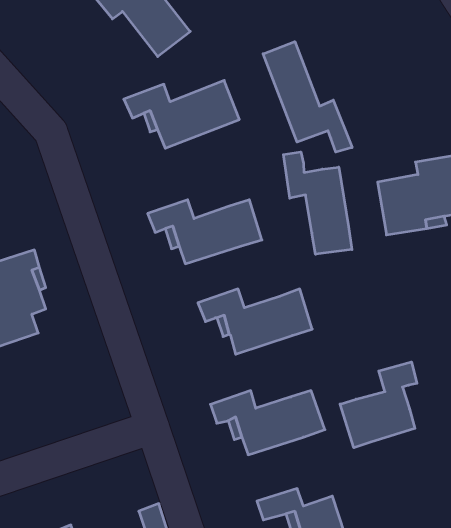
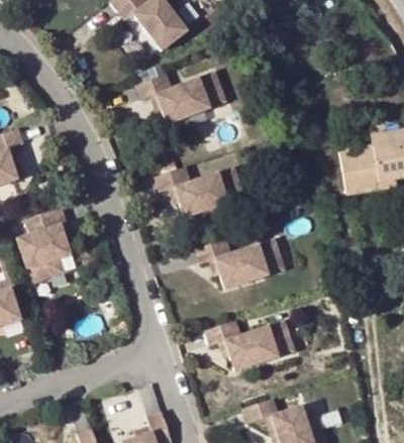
building: [263,42,352,152] -> none
building: [283,152,352,254] -> none
building: [340,362,417,448] -> none

